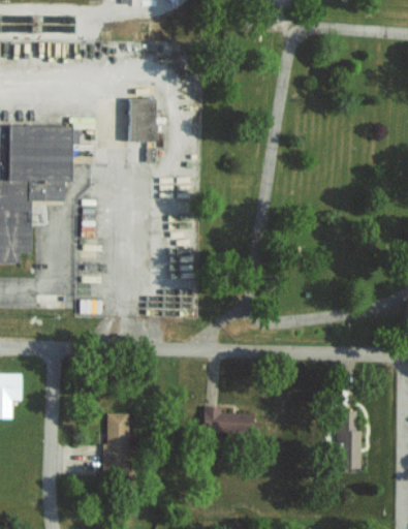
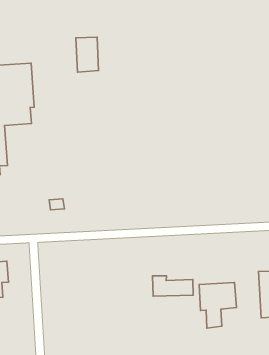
building: [104,412,130,474] -> none
building: none -> [199,283,237,328]

